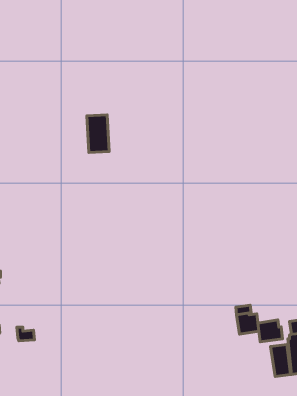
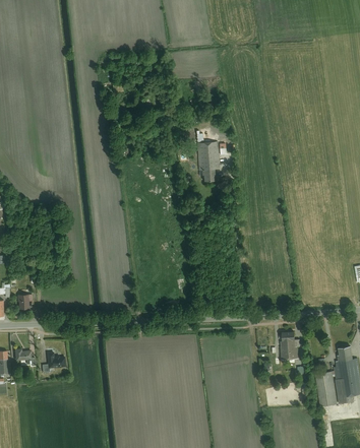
building: [87,115,109,153] -> [197,142,221,182]
building: [258,320,283,342] -> none

